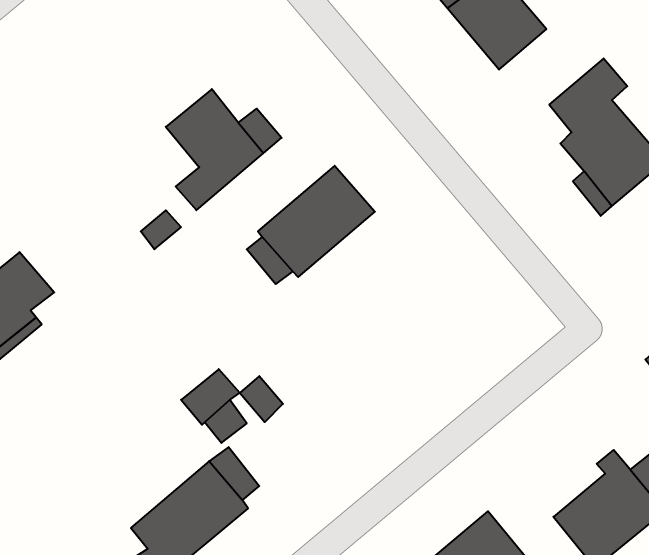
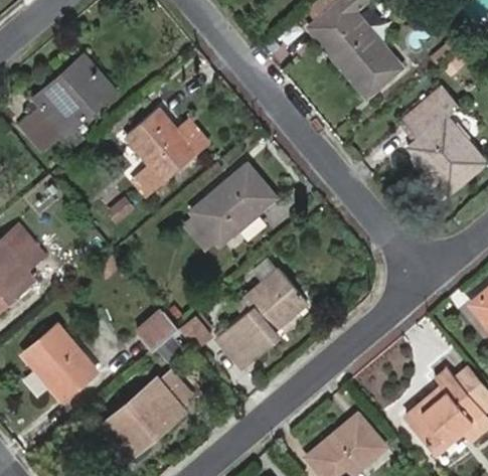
building: none -> [23,57,113,152]
building: none -> [216,269,308,367]
building: none -> [24,325,98,402]

